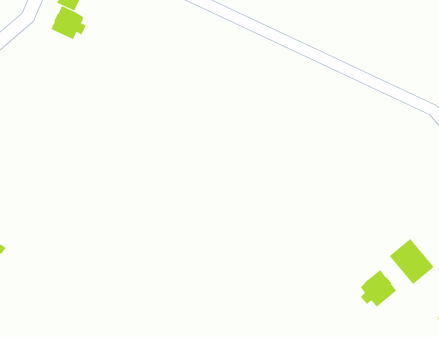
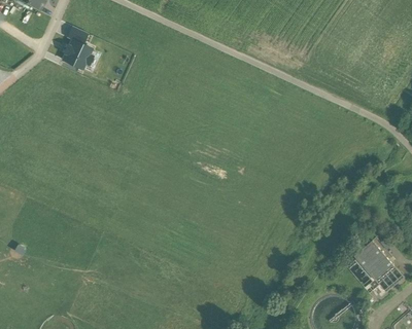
building: [360,269,397,308] -> none

